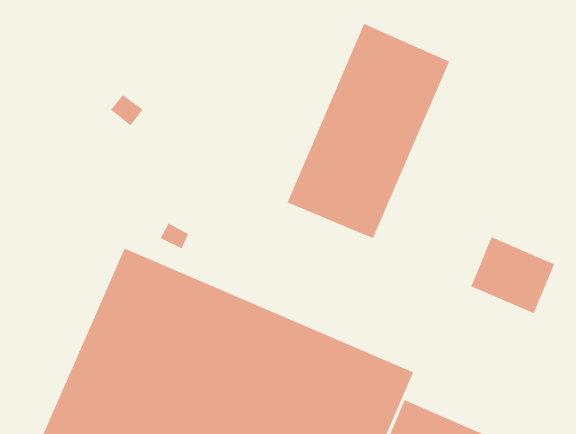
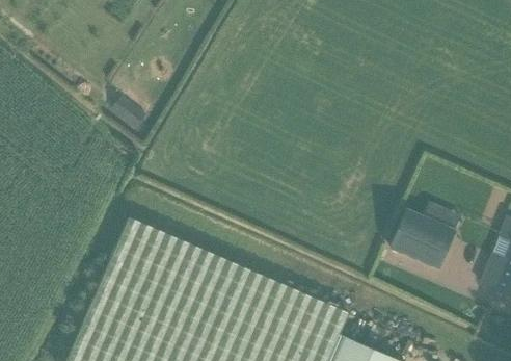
building: [287,23,450,239] -> none

